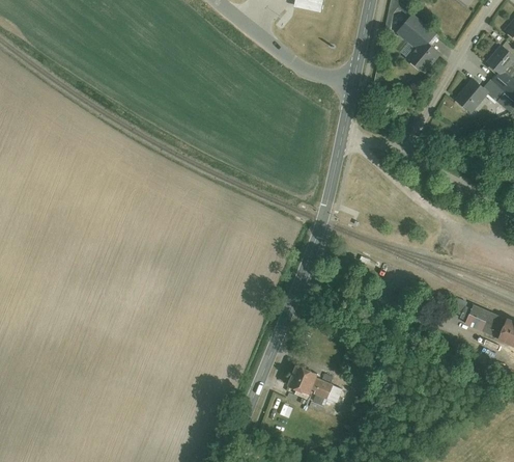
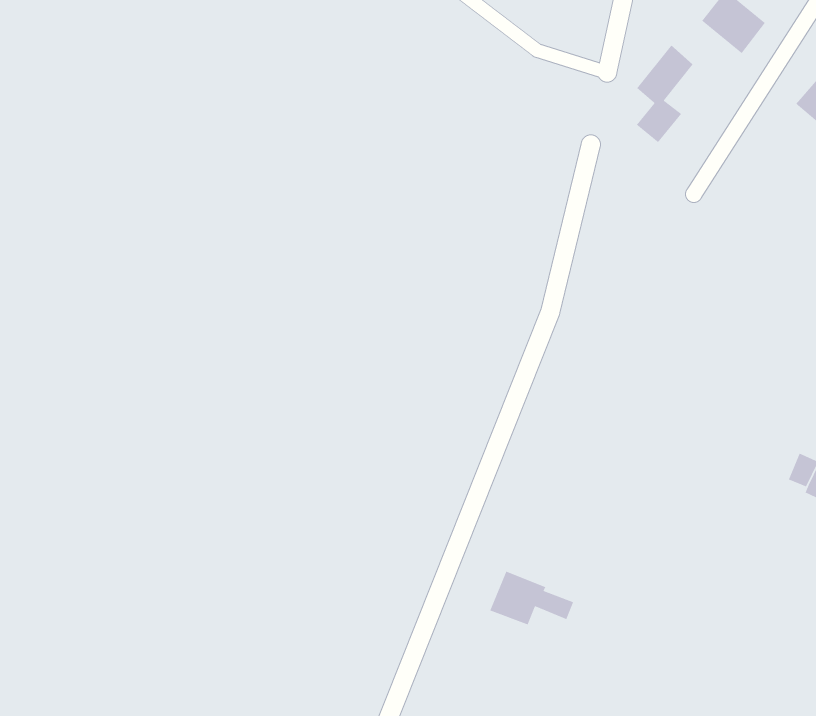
building: none -> [636,45,694,143]

